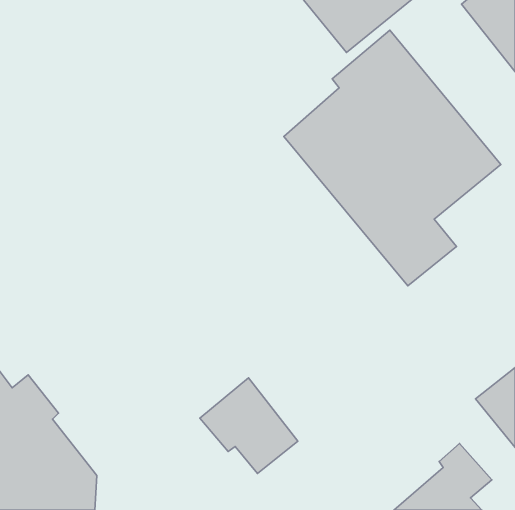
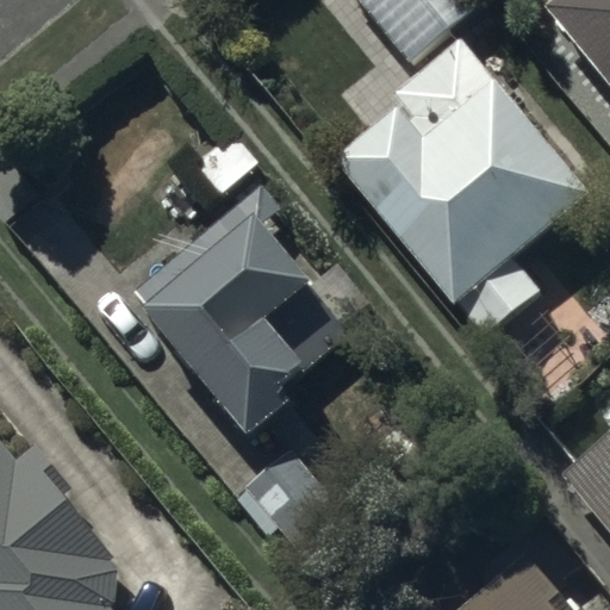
building: none -> [133,179,349,440]

